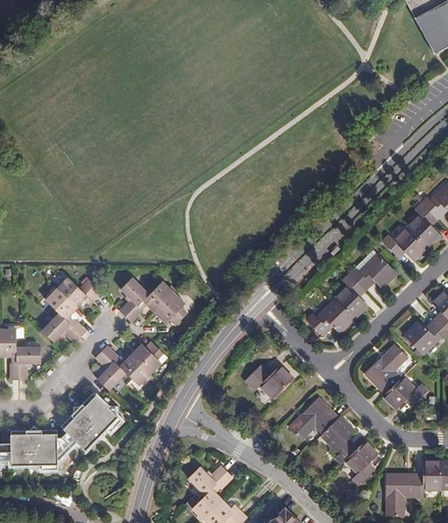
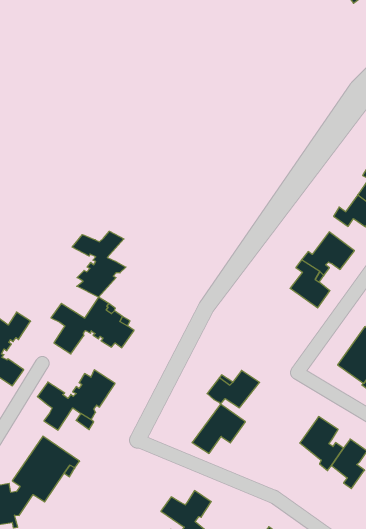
building: none -> [72,231,126,297]
building: [305,298,355,335] -> none
building: [288,398,338,440] -> [192,404,245,453]

